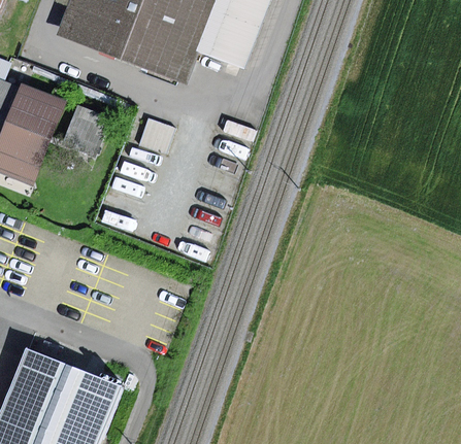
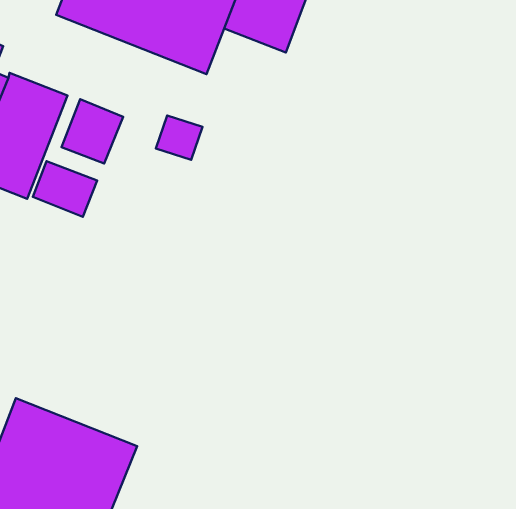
building: none -> [33,161,97,217]

